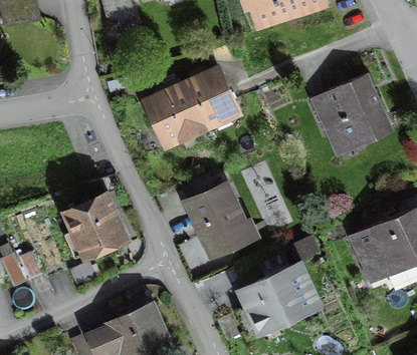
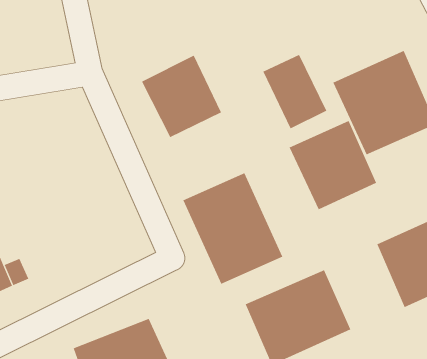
building: [186,59,242,124] -> [262,54,327,129]
building: none -> [289,120,377,210]
building: [54,190,128,266] -> none

